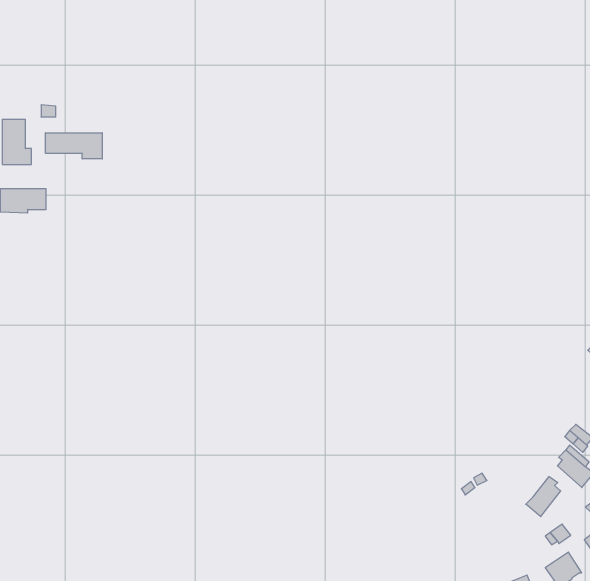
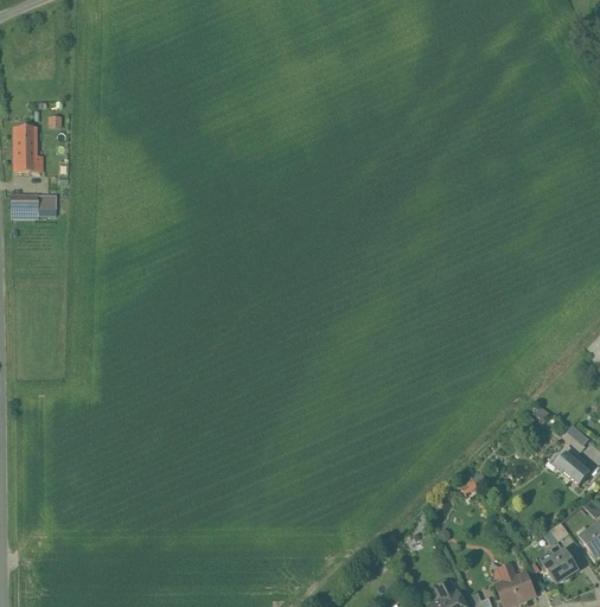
building: [46,133,102,159] -> none
building: [526,477,561,517] -> none

